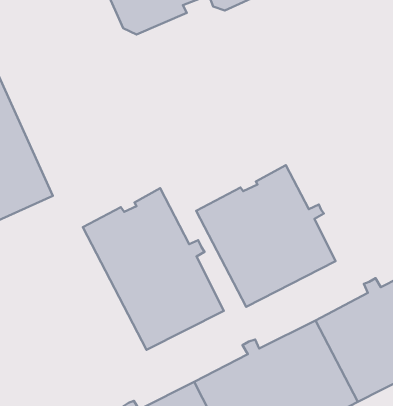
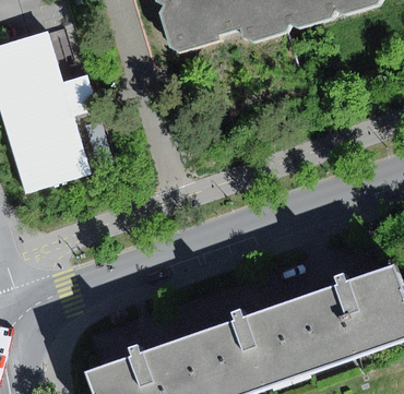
building: [196,165,336,307] -> none
building: [83,188,224,350] -> none

